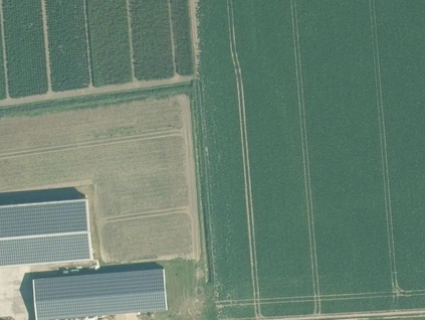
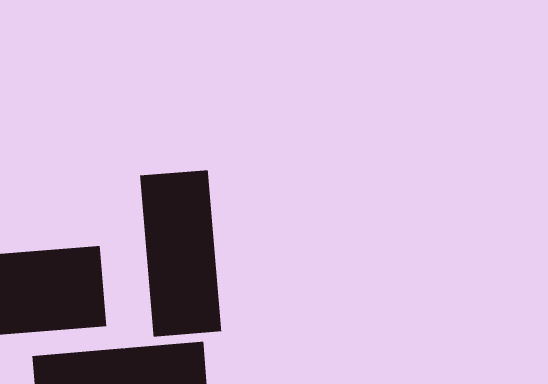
building: none -> [140,170,222,337]

